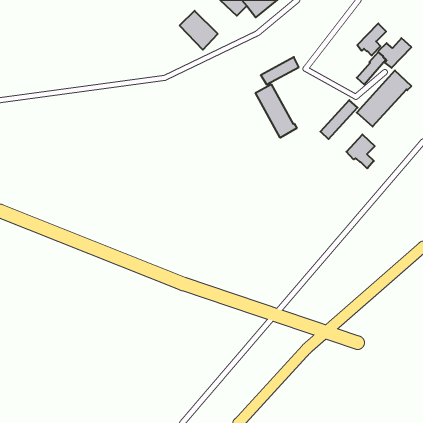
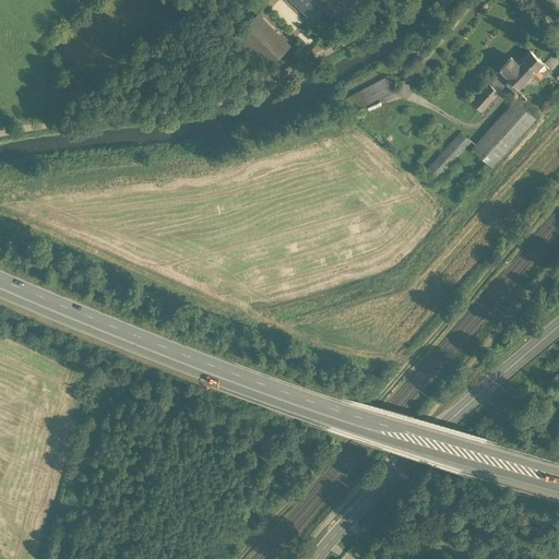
building: [357,23,386,55] -> none
building: [256,84,297,138] -> none
building: [346,134,375,168] -> none

